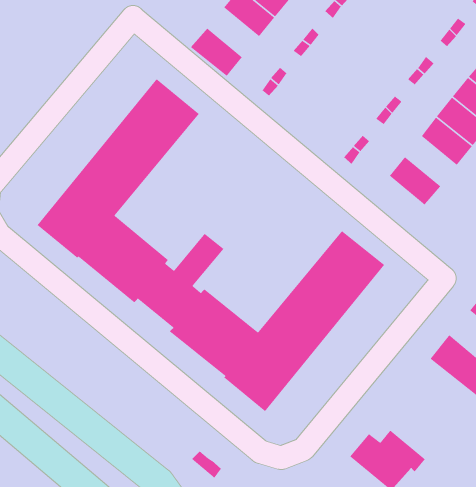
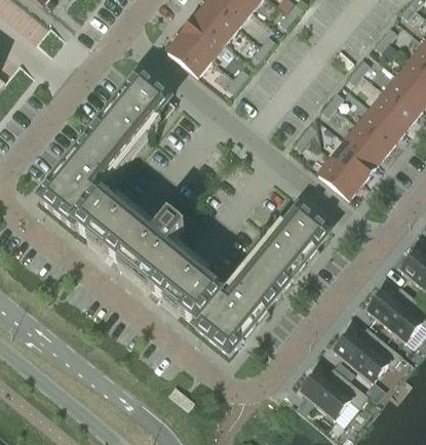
building: none -> [181,16,224,57]
building: none -> [345,123,388,164]
building: none -> [317,156,361,197]
building: none -> [333,328,394,381]

